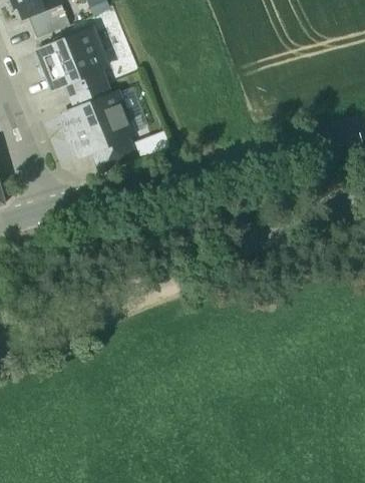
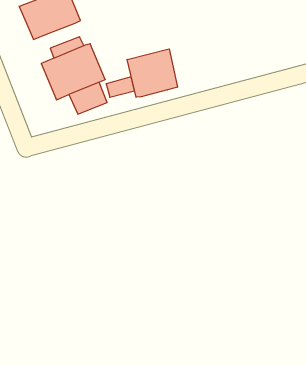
building: [65,67,104,95] -> none
building: none -> [127,49,177,97]

